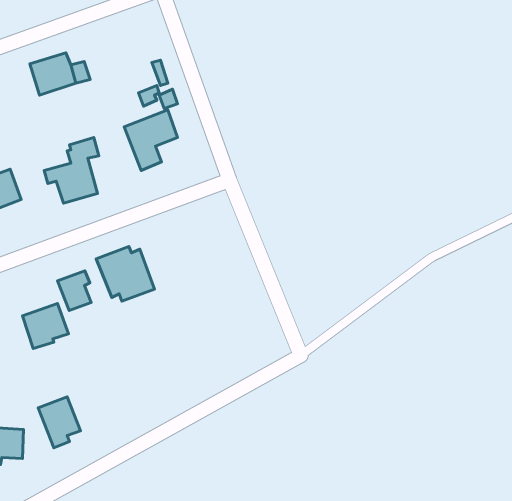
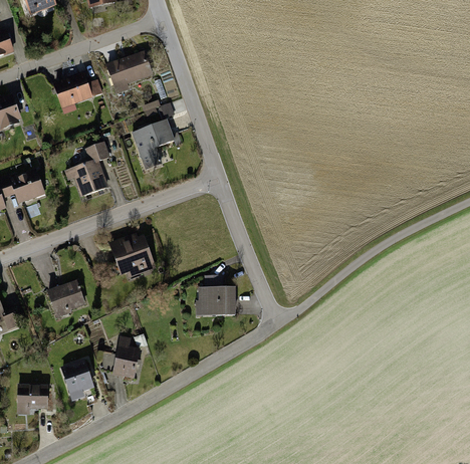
building: none -> [106,51,153,95]
building: [57,271,91,311] -> none
building: none -> [195,275,234,315]
building: none -> [100,334,139,378]

